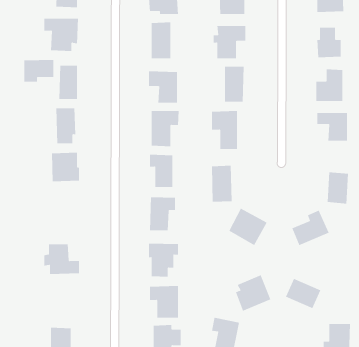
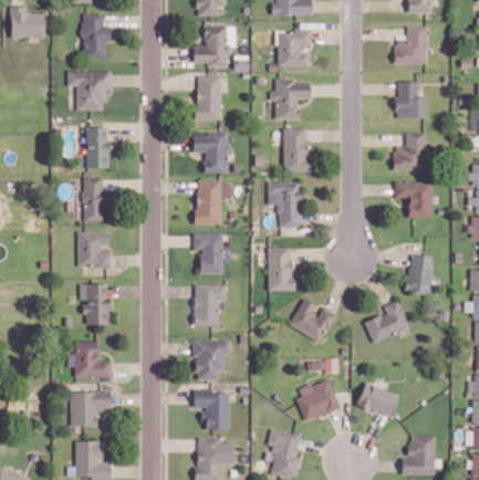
building: [24,59,54,82] -> none
building: none -> [81,283,108,325]
building: none -> [70,392,111,426]

